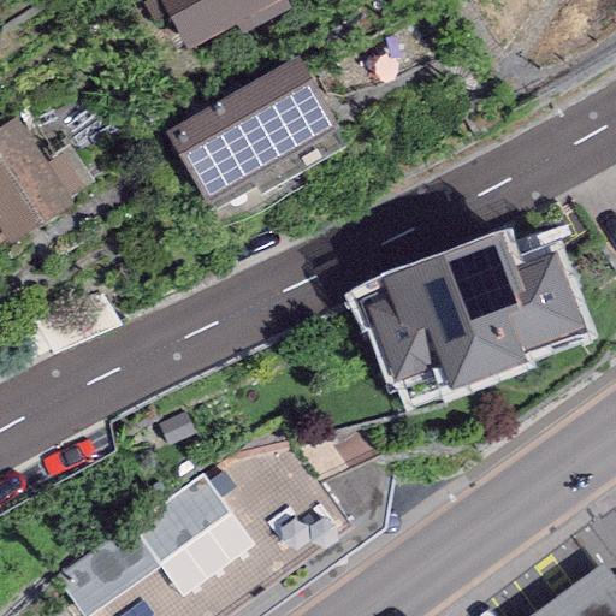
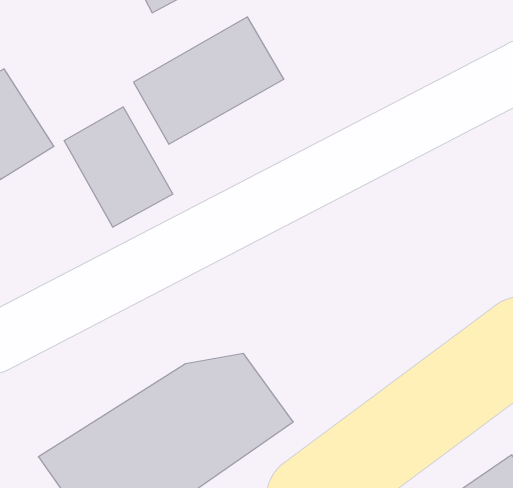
building: none -> [64,107,173,227]
building: [367,232,581,390] -> none

